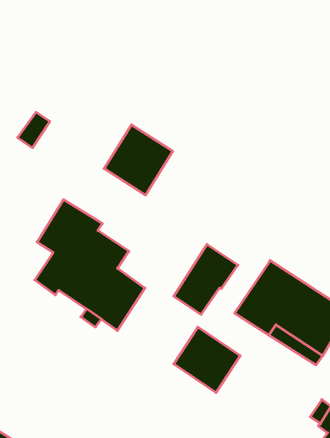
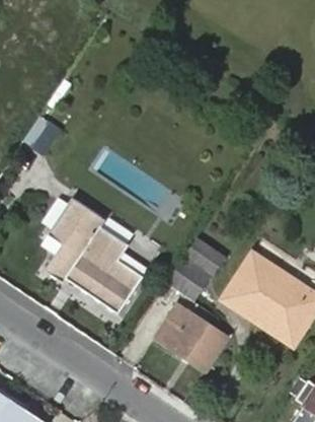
building: [104,125,173,195] -> none

